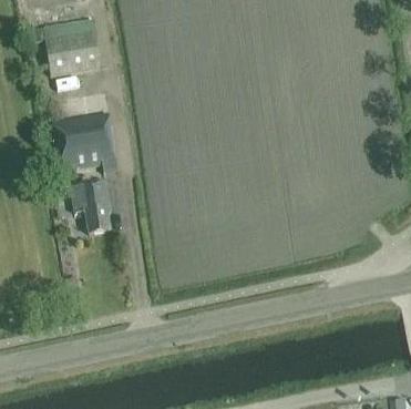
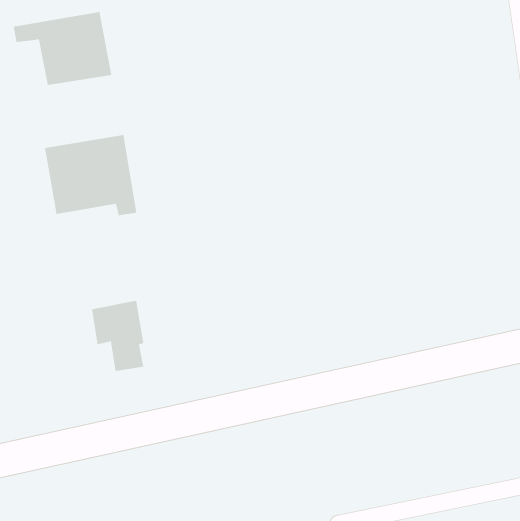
building: [71,178,111,232] -> [91,300,144,371]

